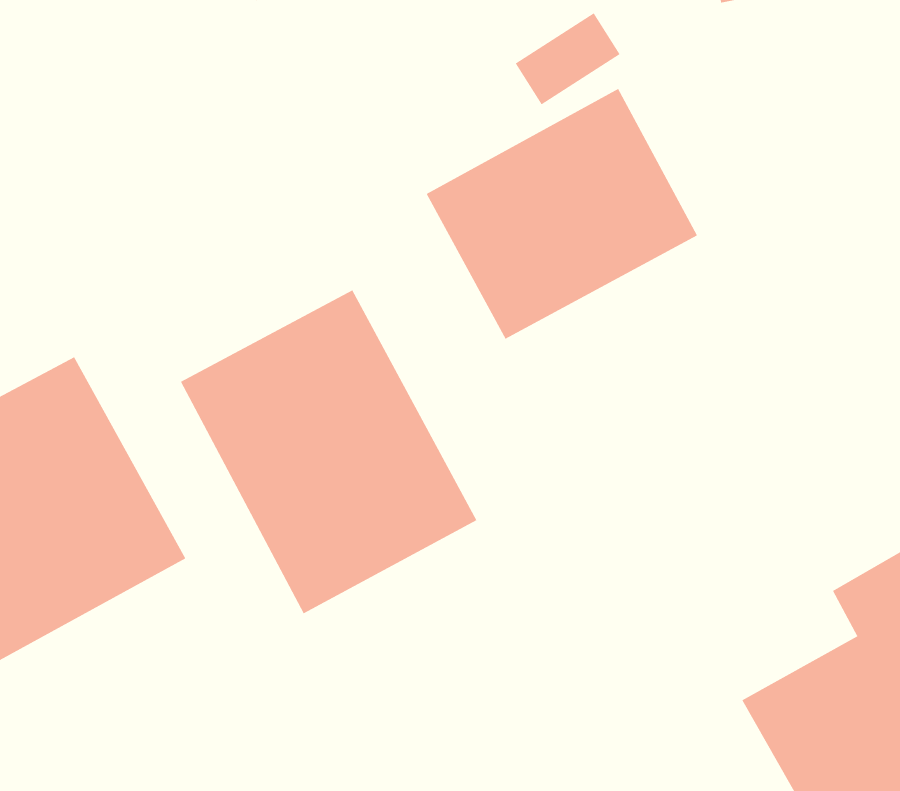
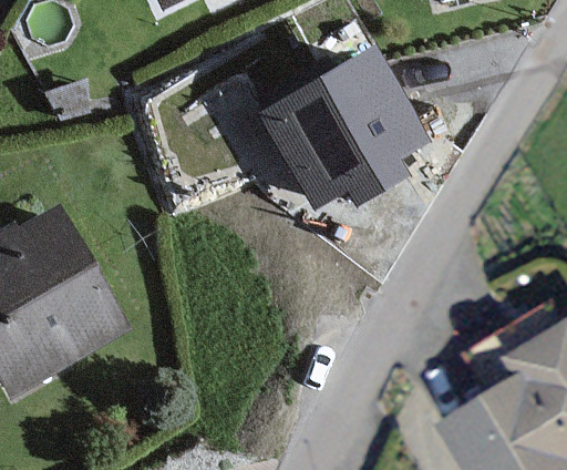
building: [180,289,477,614] -> none

